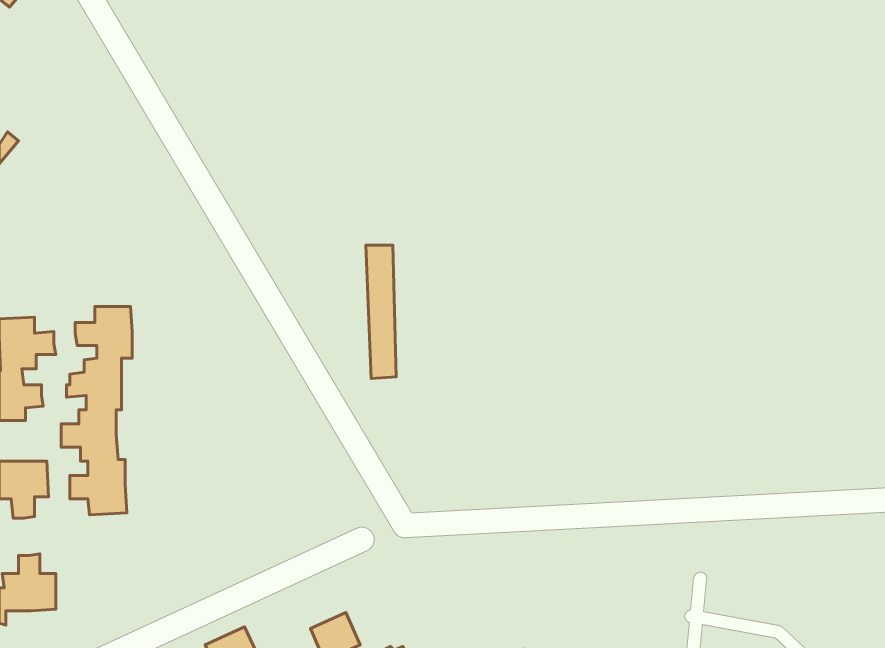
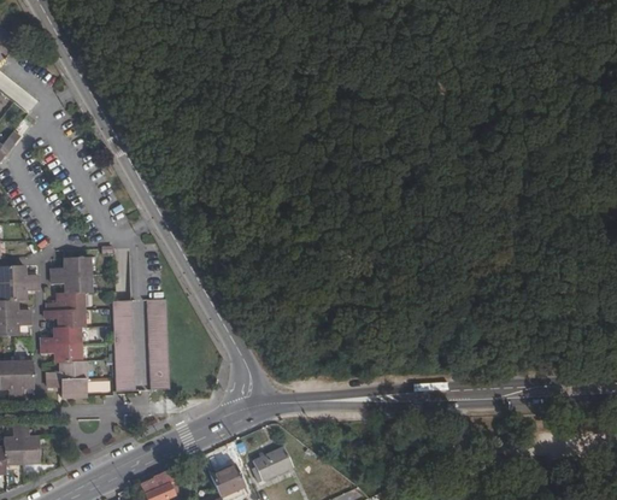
building: [366,245,396,379] -> [148,299,169,389]
building: none -> [113,300,134,390]
building: none -> [252,447,293,482]

